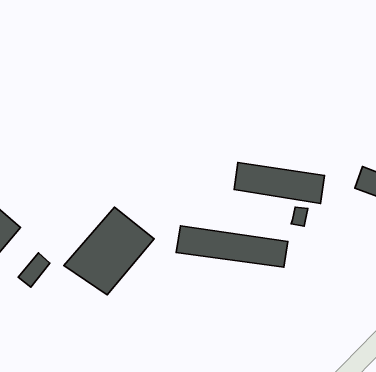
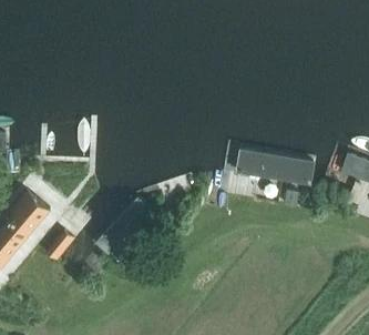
building: [176,226,288,267] -> none

